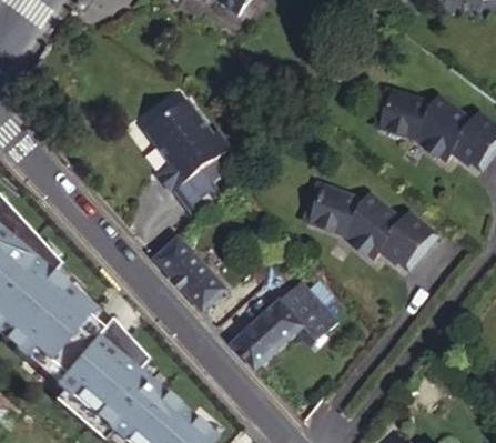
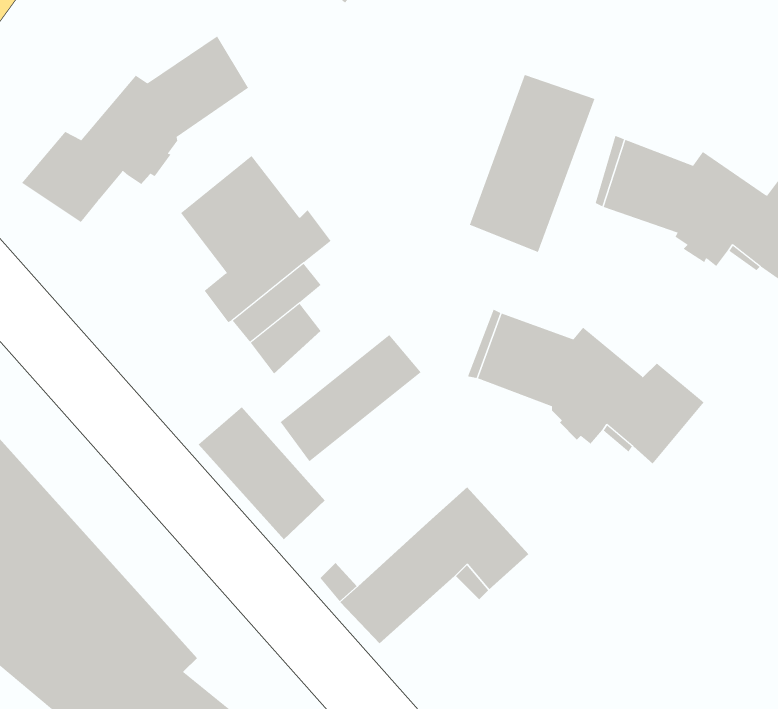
building: none -> [21,36,249,223]
building: none -> [469,74,595,253]
building: none -> [280,334,422,462]

